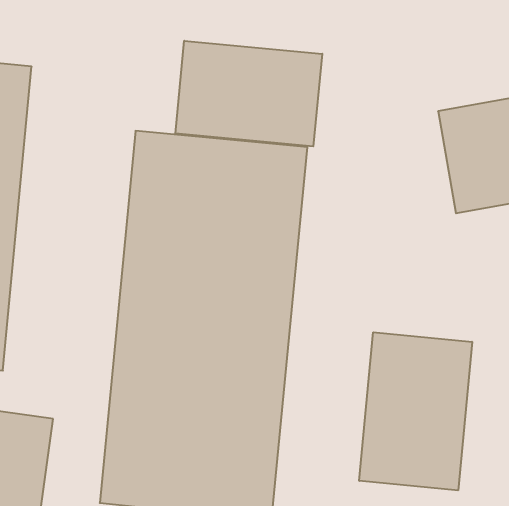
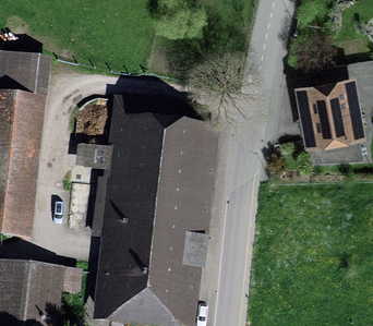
building: [175,41,322,146] -> none
building: [359,332,472,490] -> none

